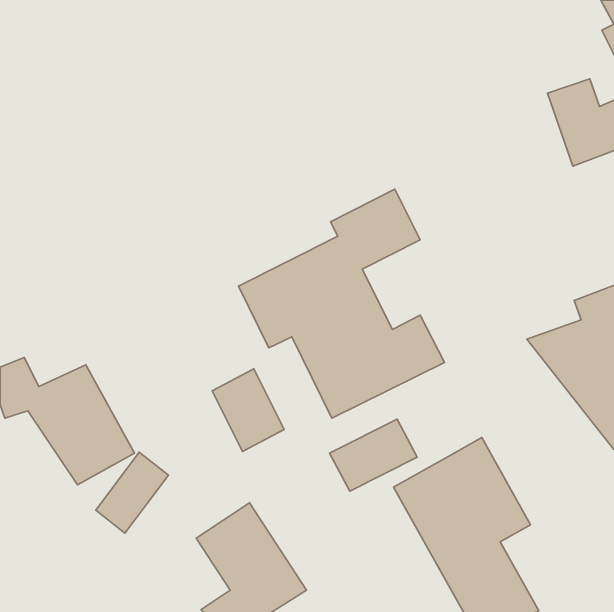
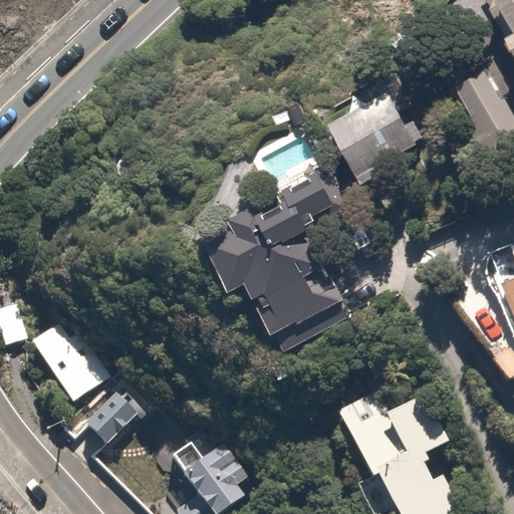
building: none -> [331,93,427,188]
building: [212,369,284,451] -> none
building: [330,419,417,491] -> none

